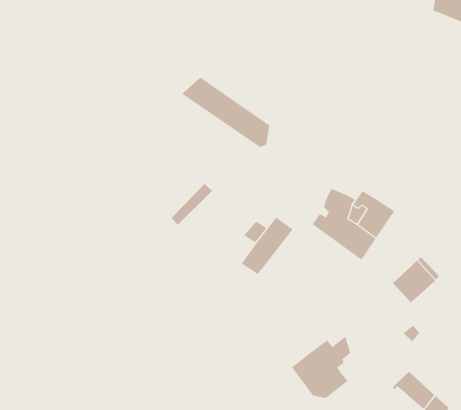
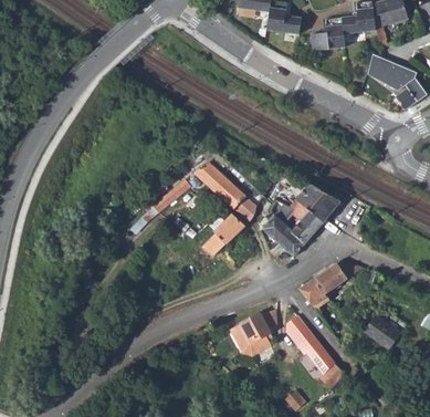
building: [182,77,270,147] -> [193,161,258,220]
building: none -> [290,181,340,220]
building: none -> [297,274,327,304]
building: none -> [286,314,318,353]

